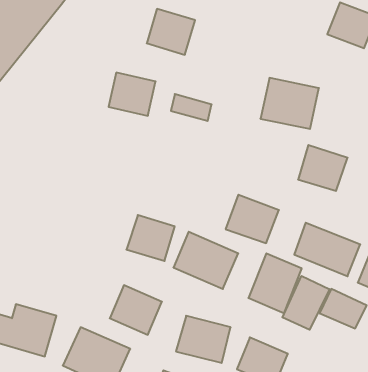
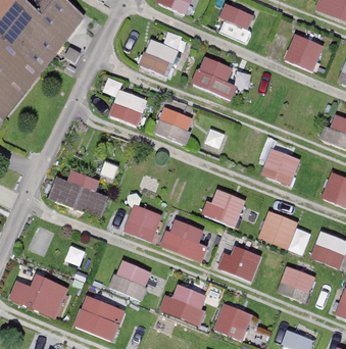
building: [260,78,319,129] -> [191,58,238,99]
building: none -> [54,170,107,217]
building: [282,276,329,330] -> none

